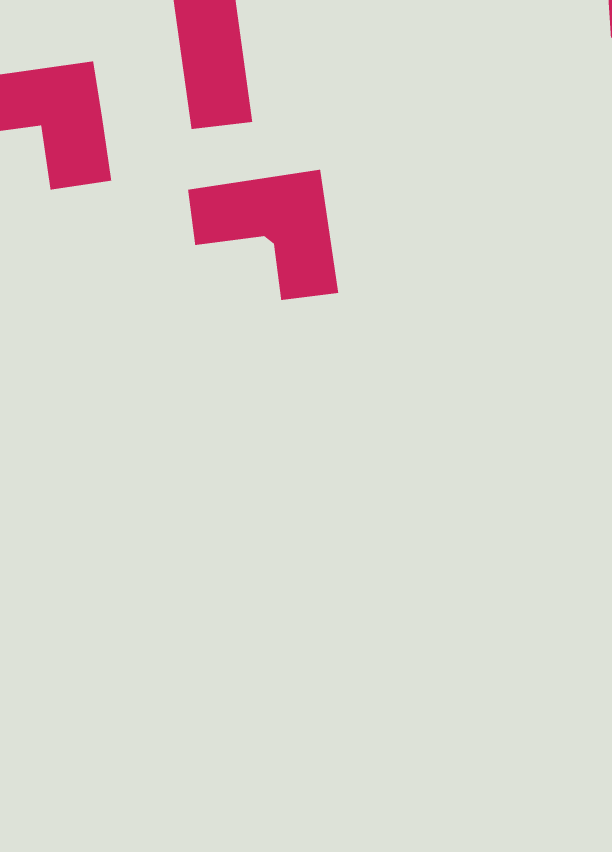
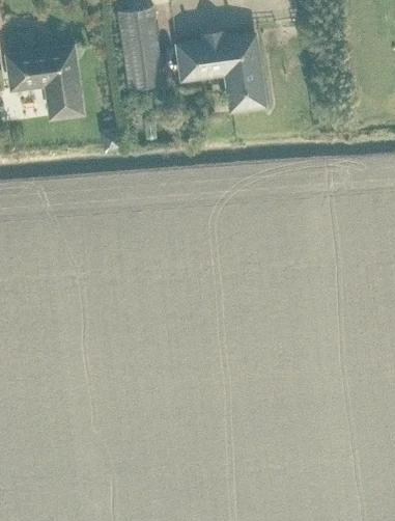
building: [187,169,339,301] -> [178,31,264,106]

